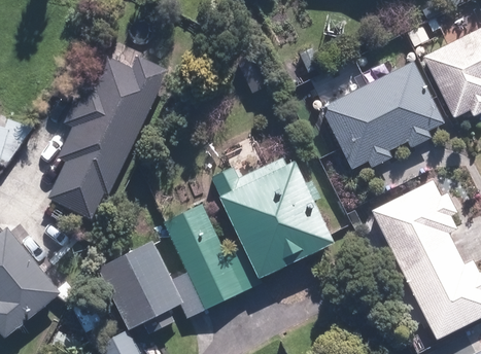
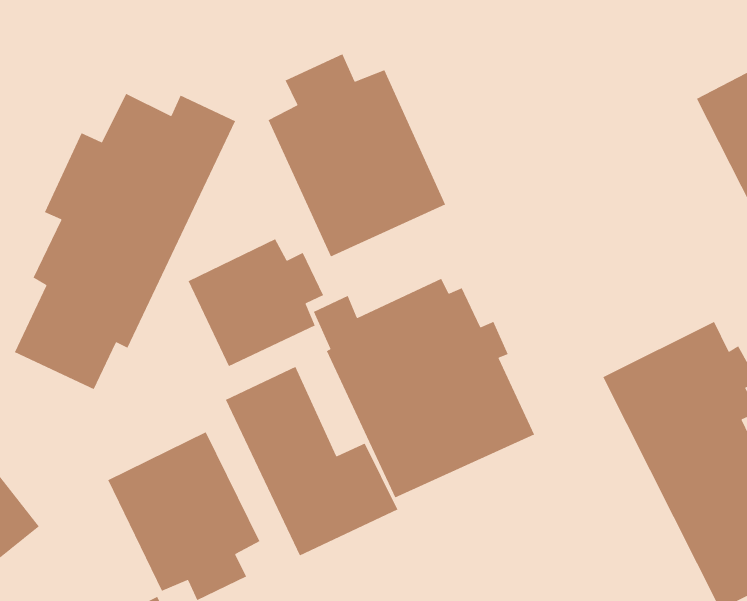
building: none -> [267,53,446,257]
building: [320,62,444,170] -> none
building: none -> [187,238,324,367]

